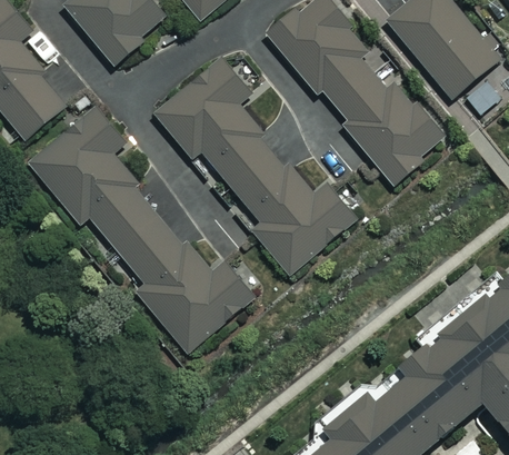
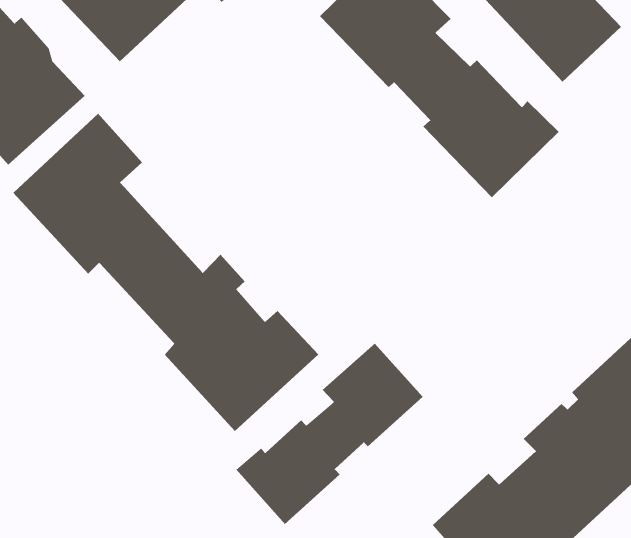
building: [154,58,356,276] -> none
building: none -> [235,343,423,525]

